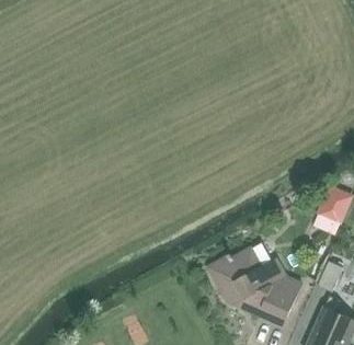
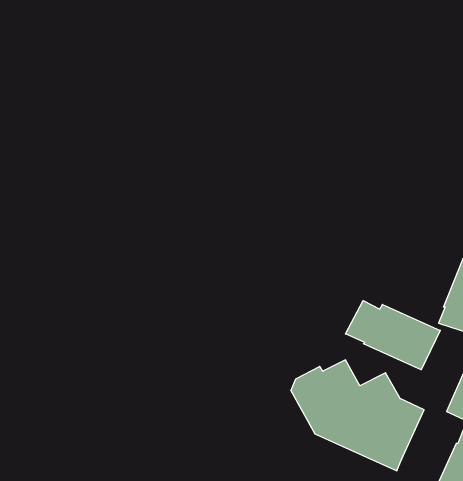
building: none -> [345,301,440,370]

